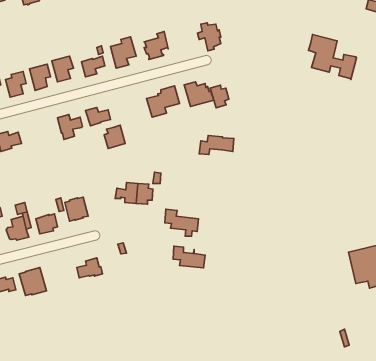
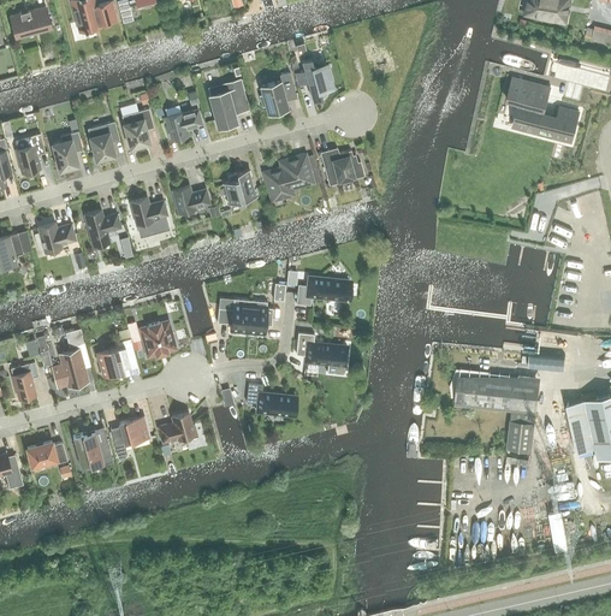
building: [198,23,221,51] -> [297,59,332,101]
building: [210,85,229,108] -> none
building: none -> [84,211,120,238]
building: [104,125,125,148] -> [224,170,255,205]
building: [199,135,234,155] -> [296,277,348,306]
building: none -> [456,377,539,452]
building: [173,246,205,268] -> [247,384,295,416]
building: none -> [111,416,150,460]

